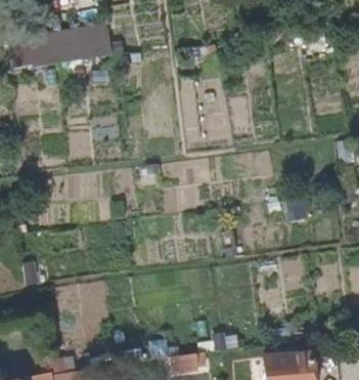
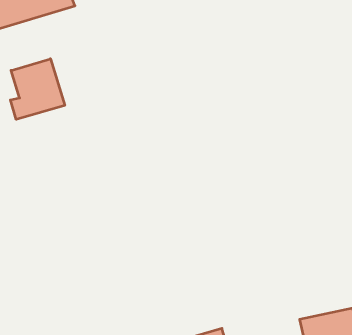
building: none -> [10,59,65,119]

